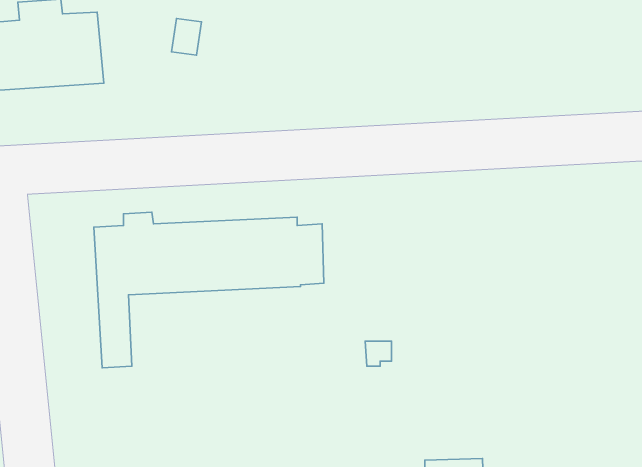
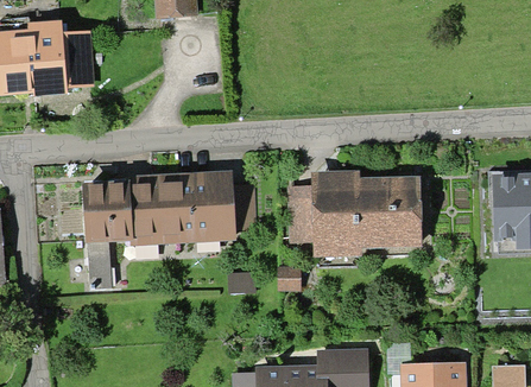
building: none -> [291,180,419,242]

